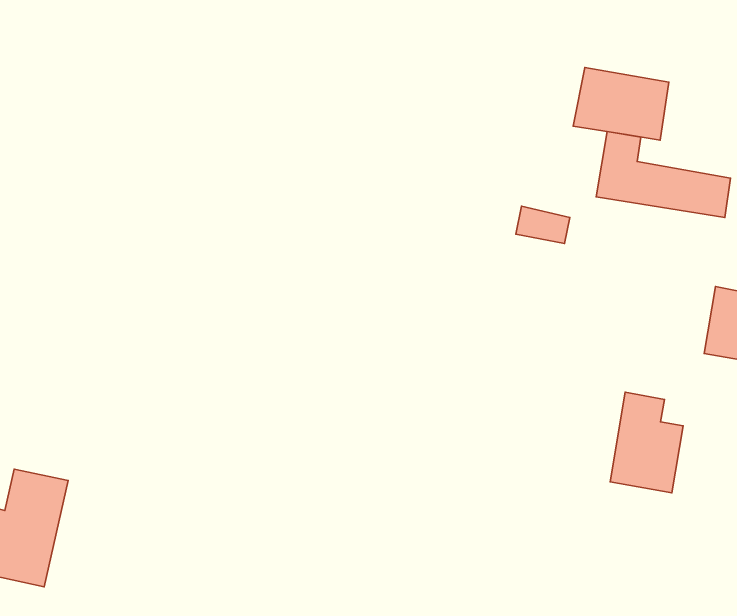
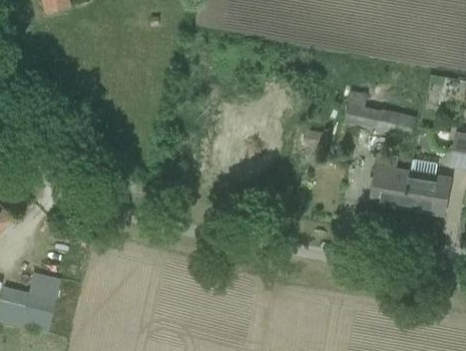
building: [573,68,669,140] -> none
building: [610,392,683,493] -> [369,154,408,209]

